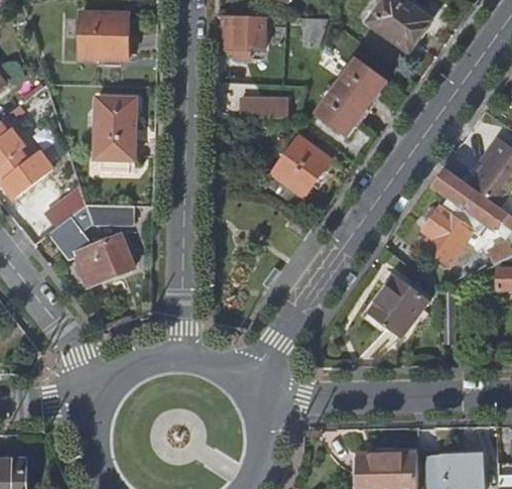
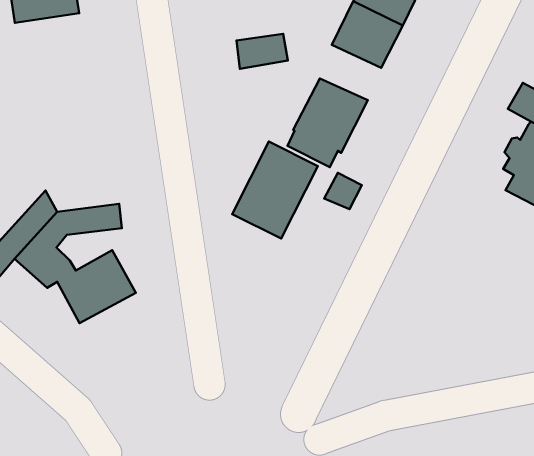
building: [99,97,139,170] -> none
building: none -> [232,141,318,239]
building: [360,280,421,343] -> none

